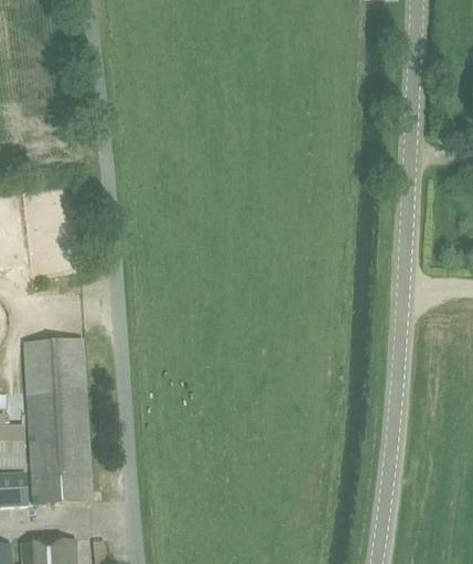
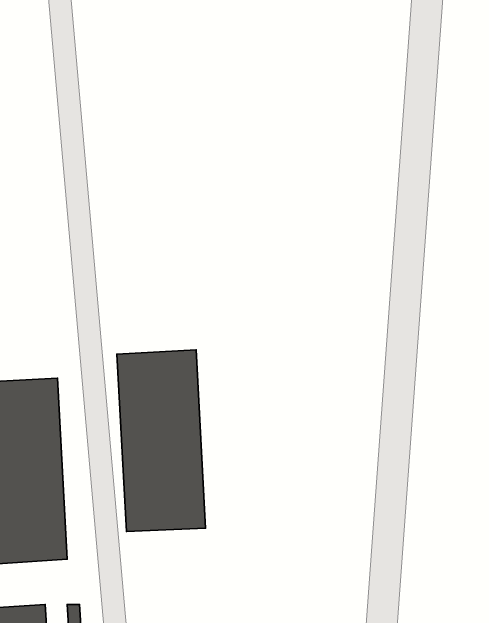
building: none -> [117,350,206,531]

